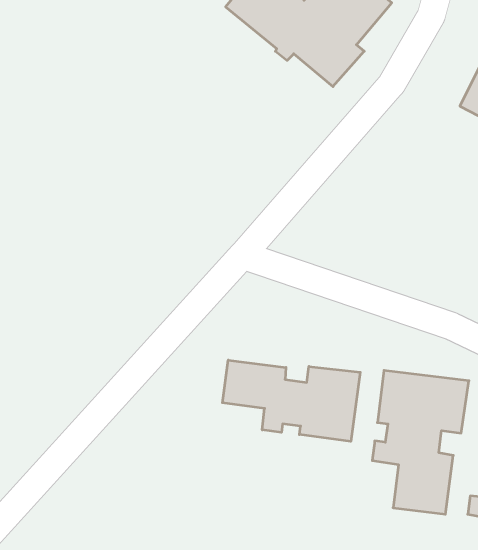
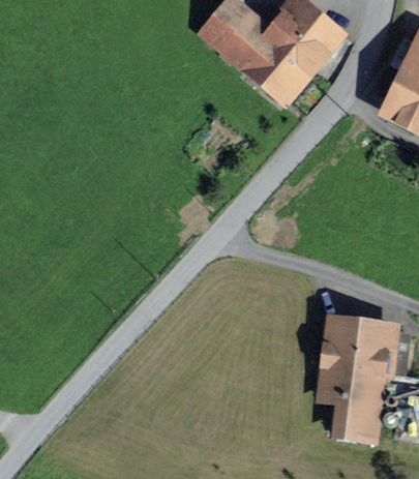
building: [222,360,360,441] -> none

